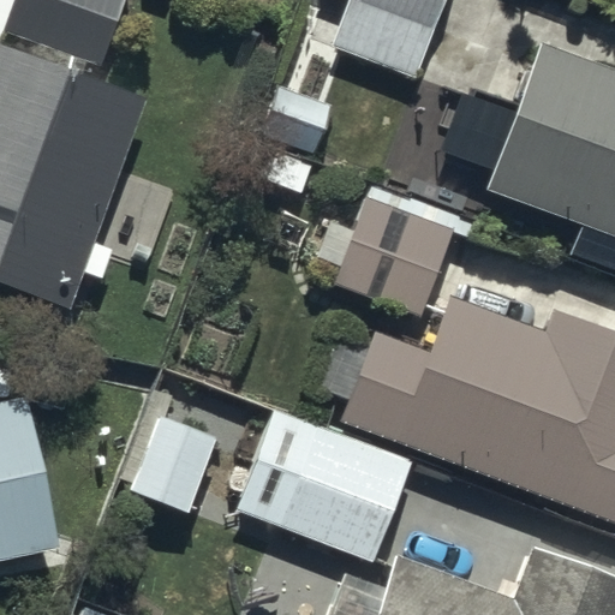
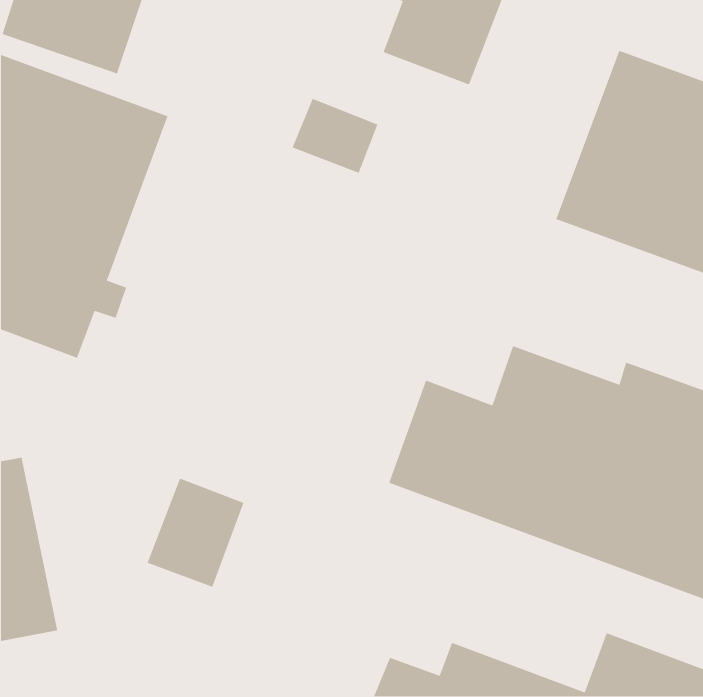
building: [315,196,452,314] -> none
building: [237,407,411,556] -> none

